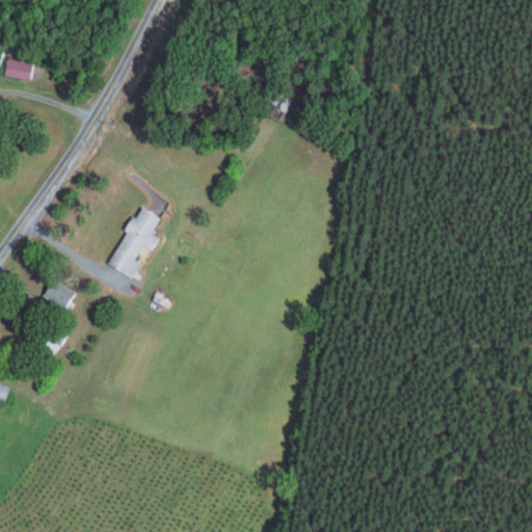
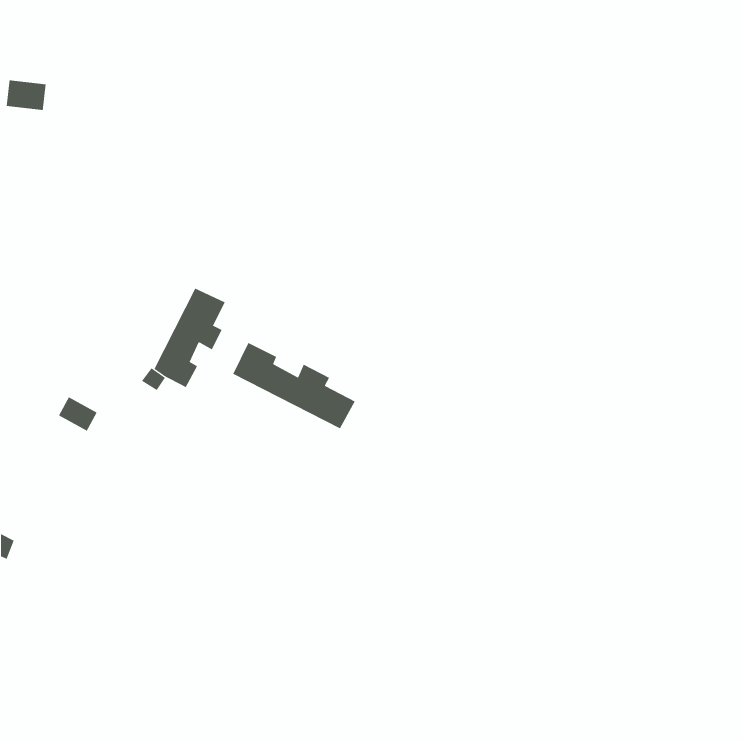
building: none -> [232,342,356,429]

